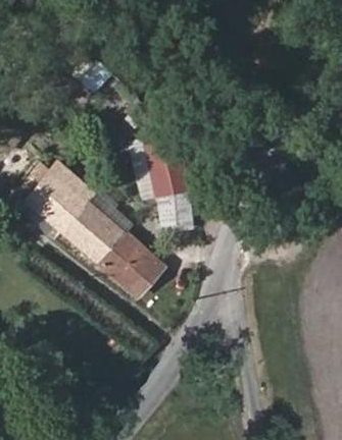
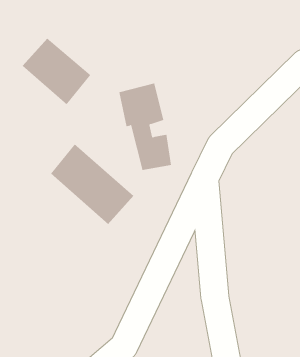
building: [17,163,93,236] -> [22,38,91,105]

